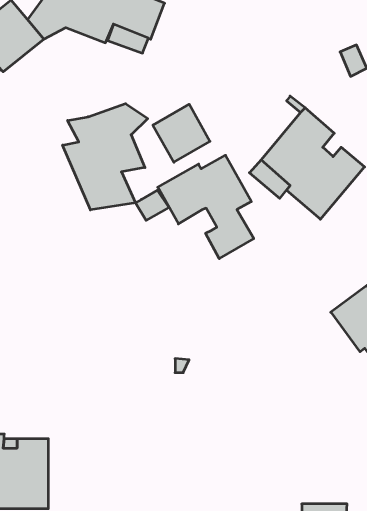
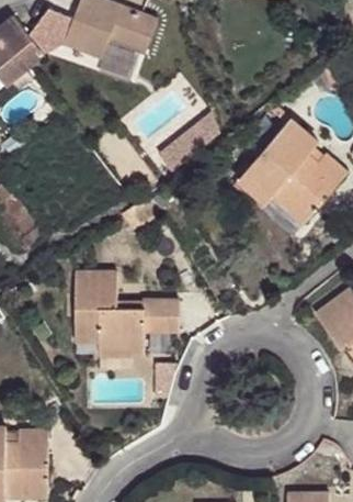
building: [63,104,148,210] -> none
building: [158,155,254,259] -> none
building: none -> [75,271,179,356]

